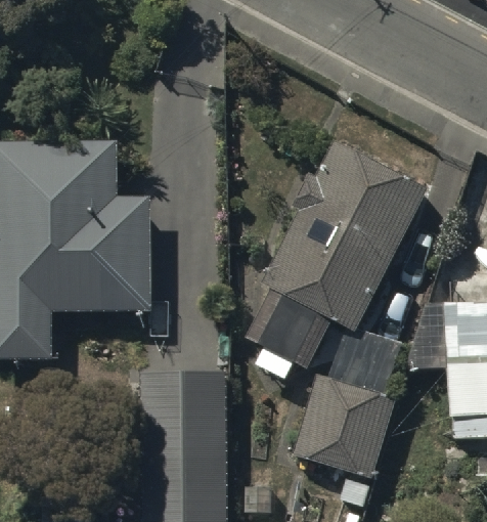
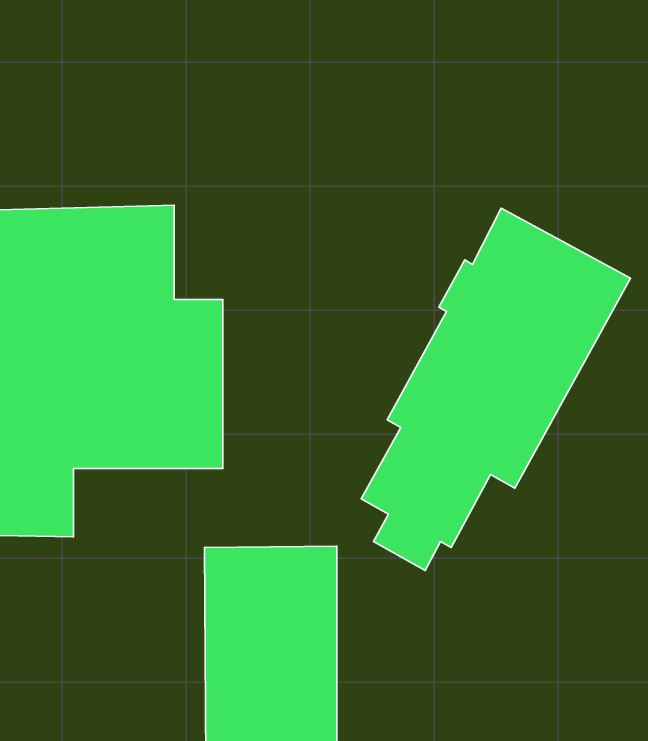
building: [291,374,395,480] -> none

